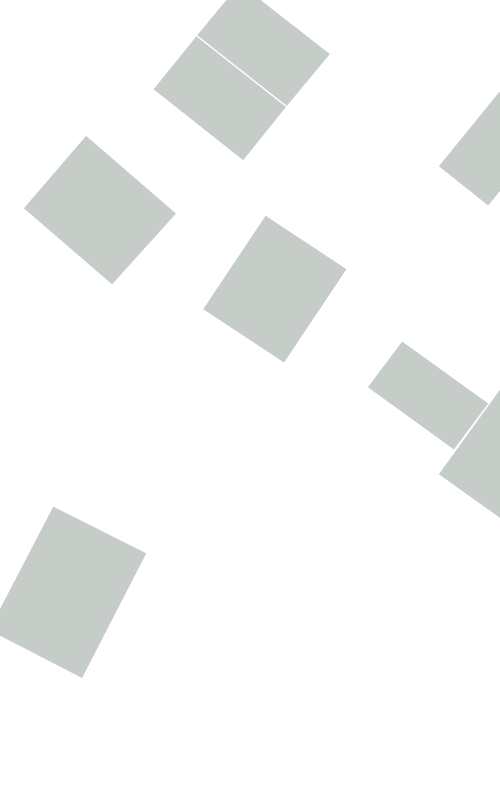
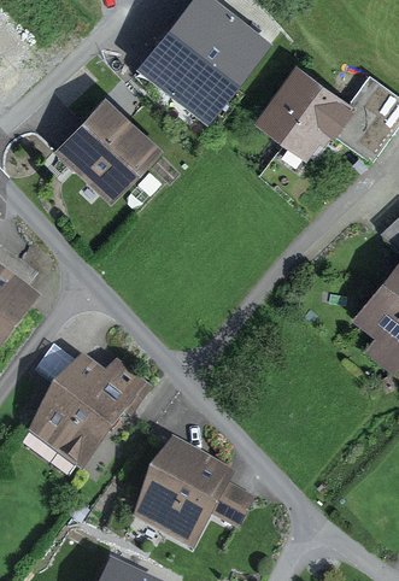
building: [202,215,347,364] -> [250,63,350,165]
building: [367,340,489,450] -> none
building: none -> [131,440,237,548]

